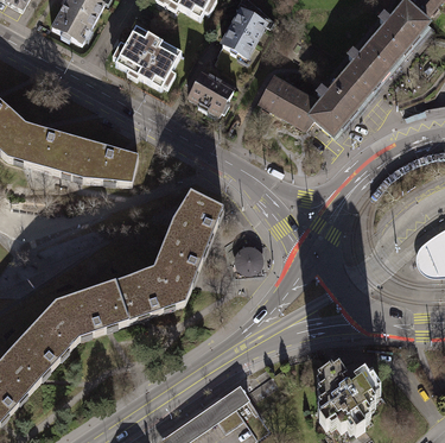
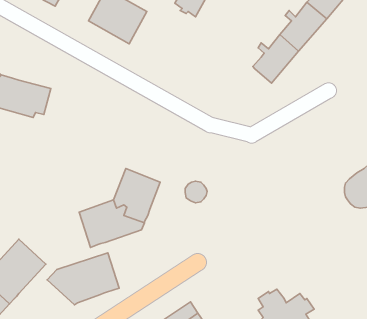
building: [187,69,233,113] -> none
building: [260,76,320,126] -> none
building: [72,139,138,182] -> none
building: [166,191,221,246] -> none
building: [44,280,126,340] -> [47,253,119,305]

